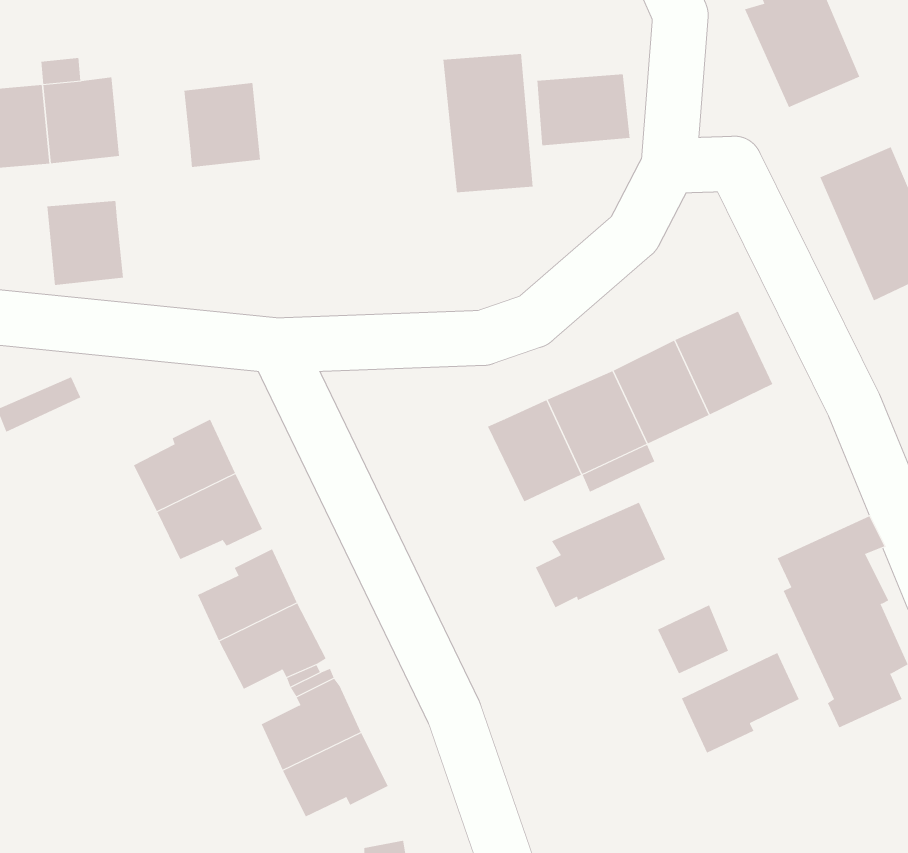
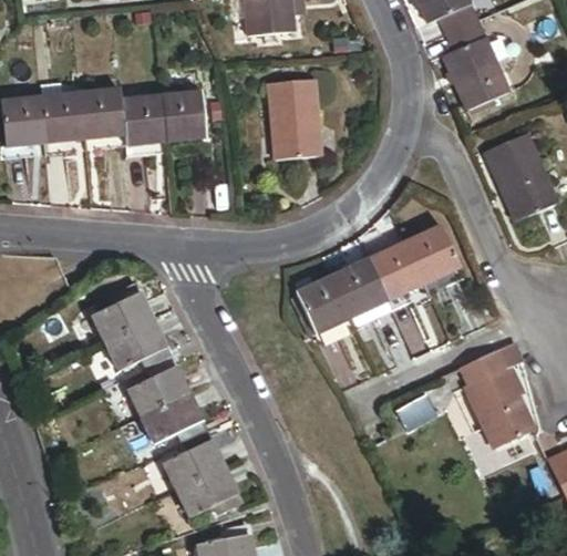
building: [537,73,630,146] -> none
building: none -> [161,91,205,140]
building: [46,200,124,285] -> [80,89,124,137]
building: [535,502,666,608] -> none
building: [681,652,800,753] -> none

